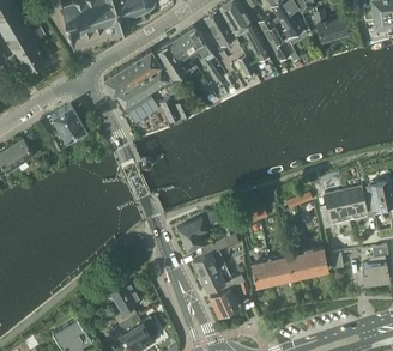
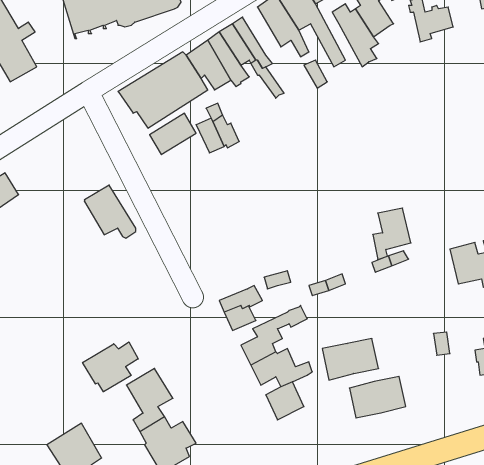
building: [53,104,90,143] -> [84,185,136,238]
building: [322,192,350,229] -> [373,208,411,259]
building: [288,248,328,278] -> [349,376,406,418]
building: none -> [83,342,138,392]

